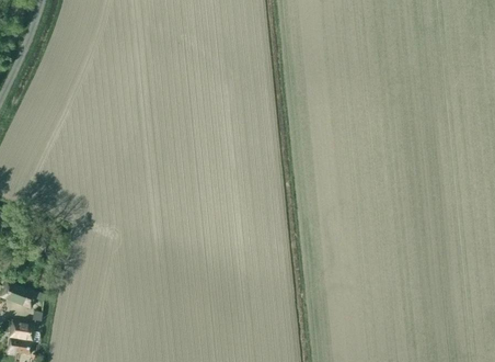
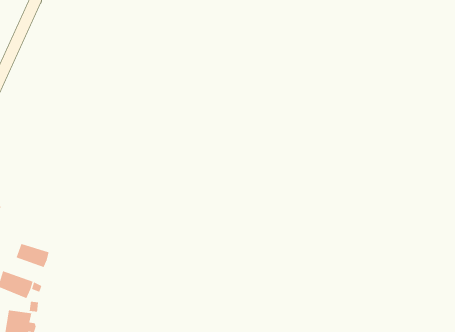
building: none -> [16,243,49,268]

